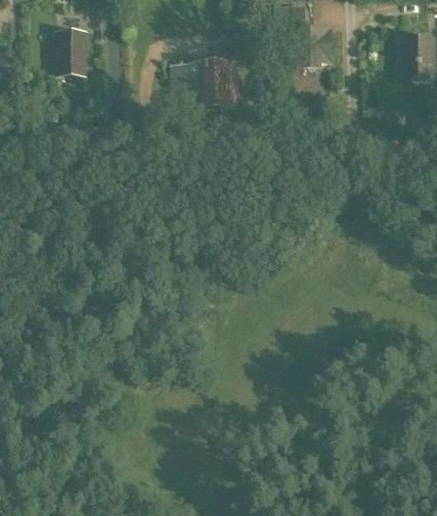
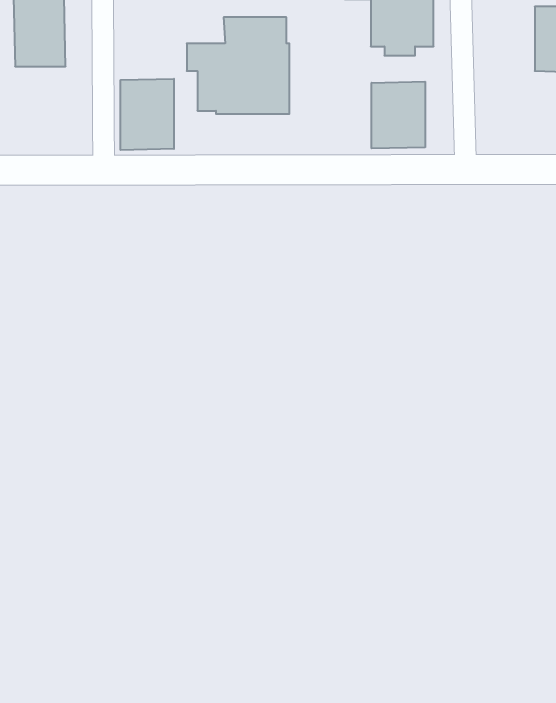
building: none -> [121,79,174,150]
building: none -> [372,82,425,148]

